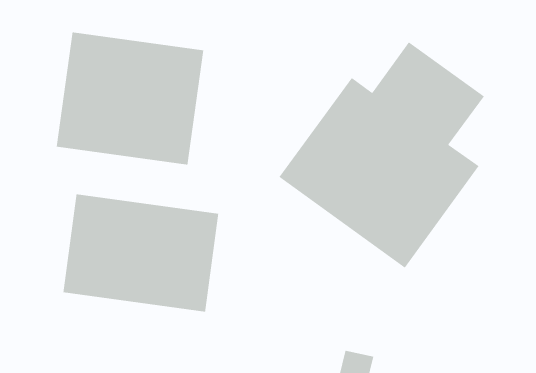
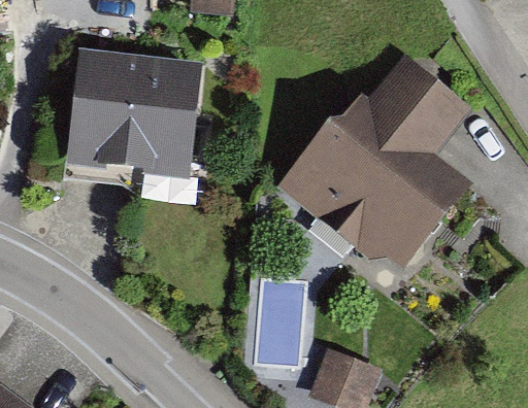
building: [63,193,219,313] -> none

